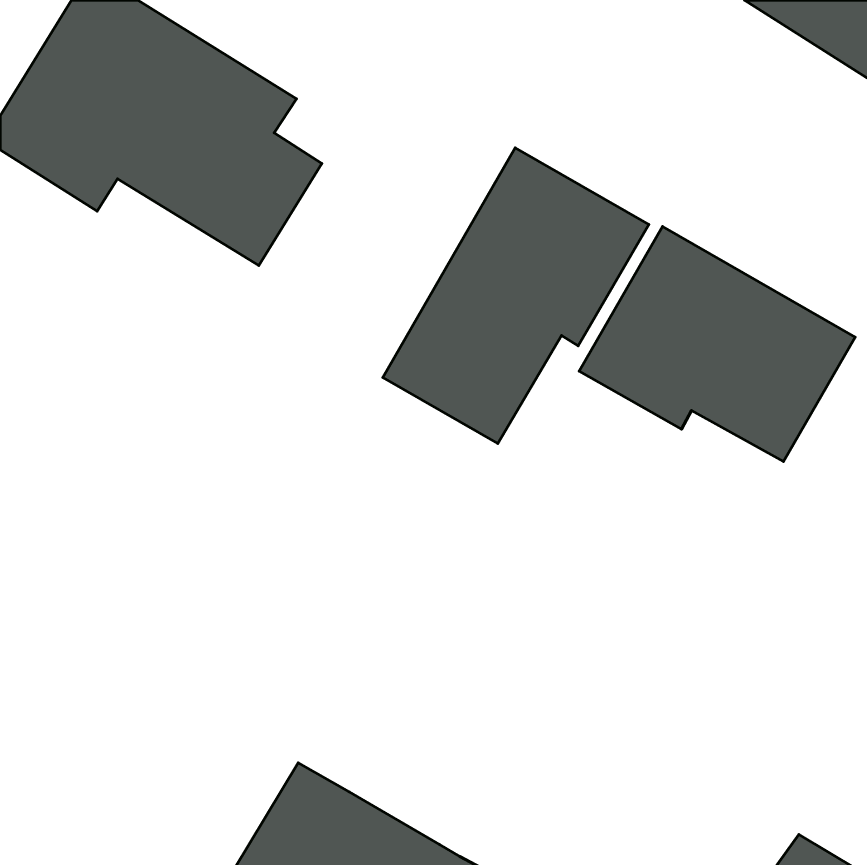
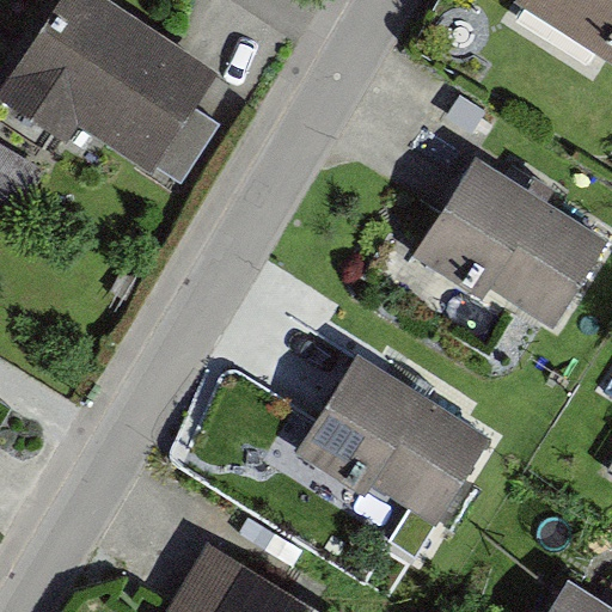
building: [383,148,649,444] -> none
building: none -> [296,347,496,519]

